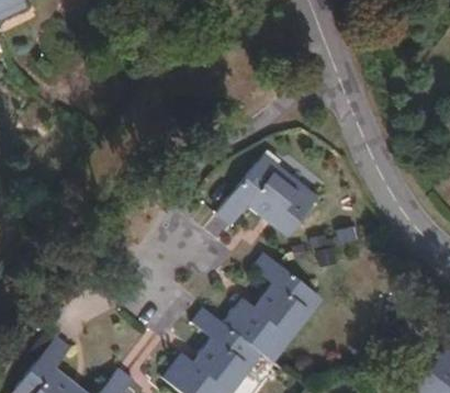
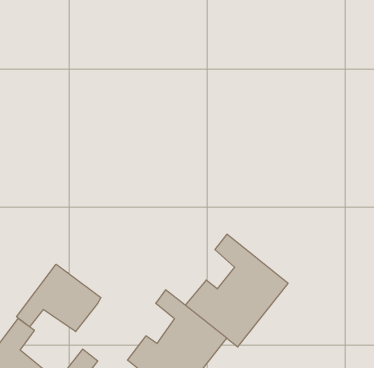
building: [215,155,318,238] -> none
building: none -> [17,264,101,332]

